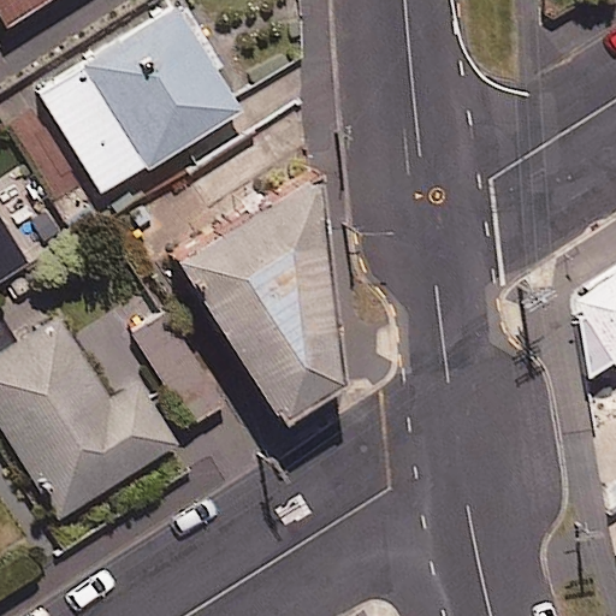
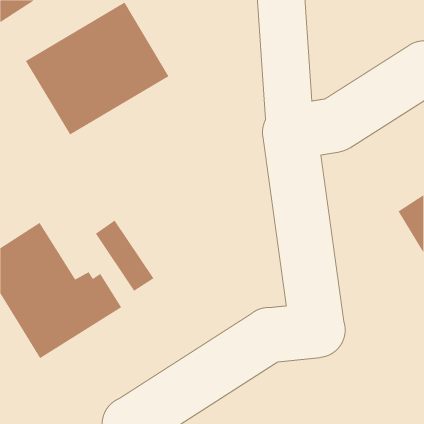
building: [177,164,344,419] -> none

